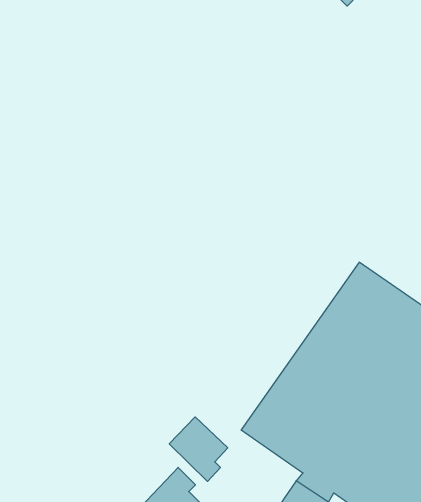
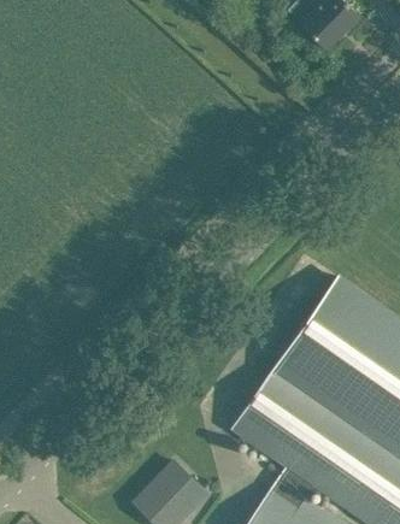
building: [169,417,228,481] -> none

